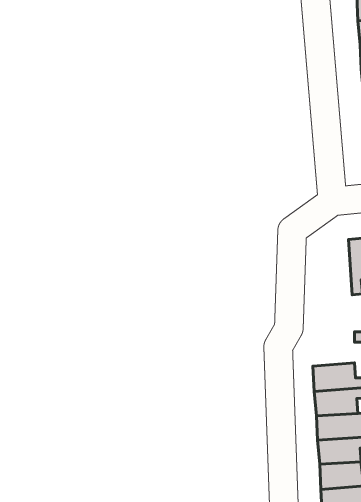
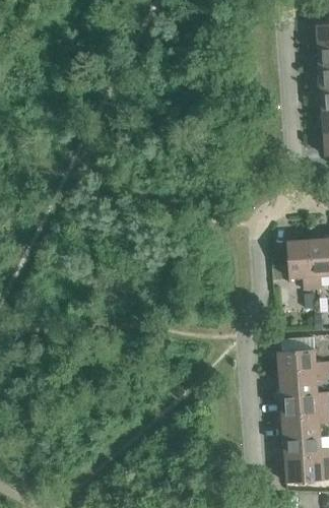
building: none -> [286,240,312,290]

